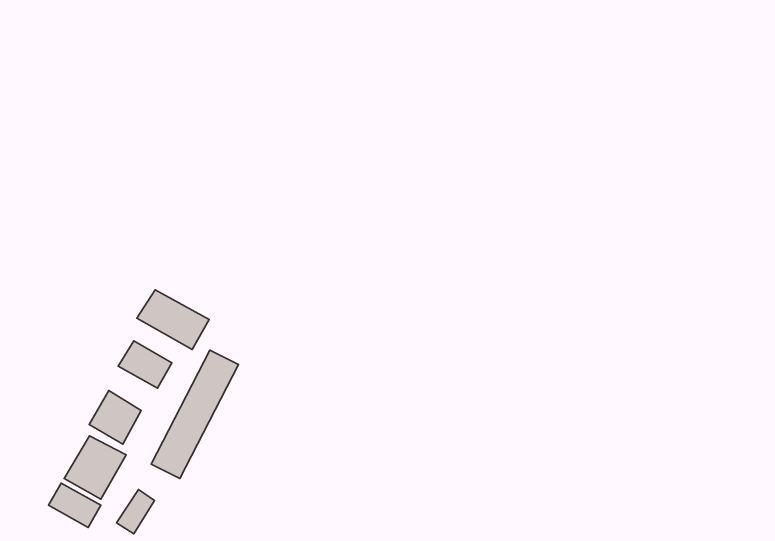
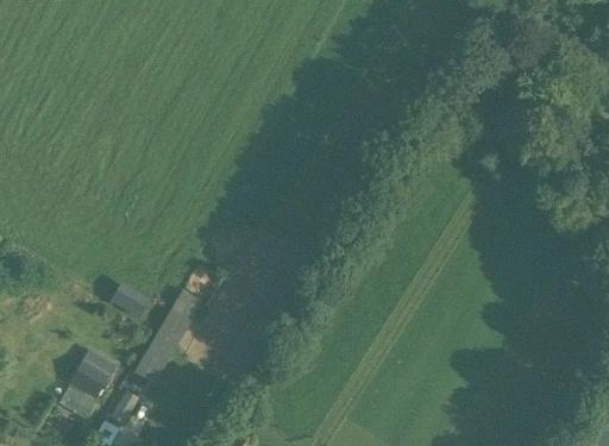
building: [137,290,209,349] -> none
building: [89,391,141,444] -> none

